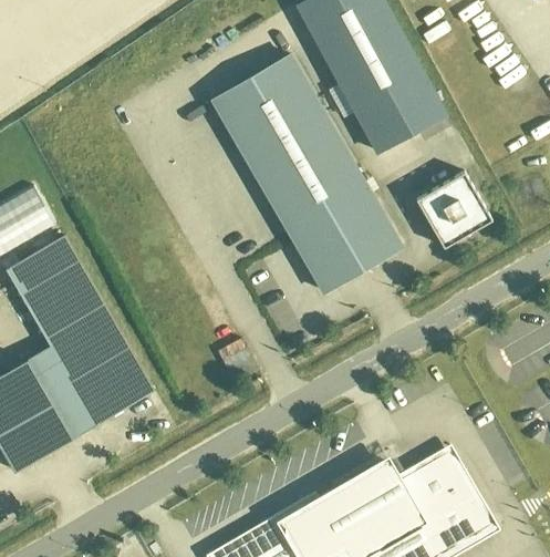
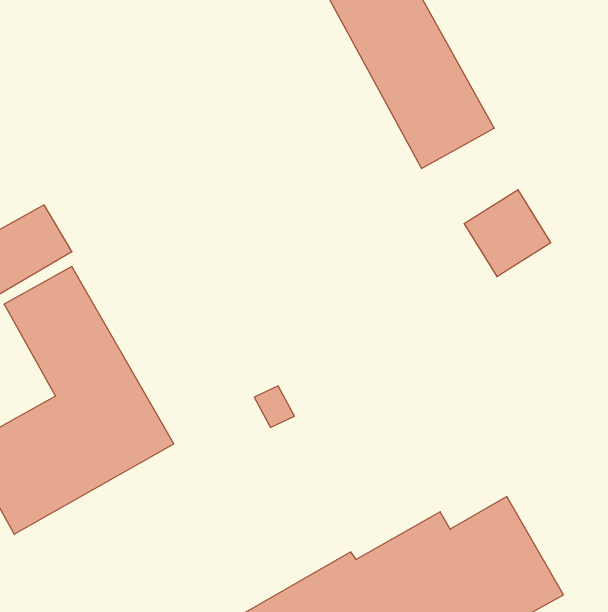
building: [207,50,404,291] -> none

